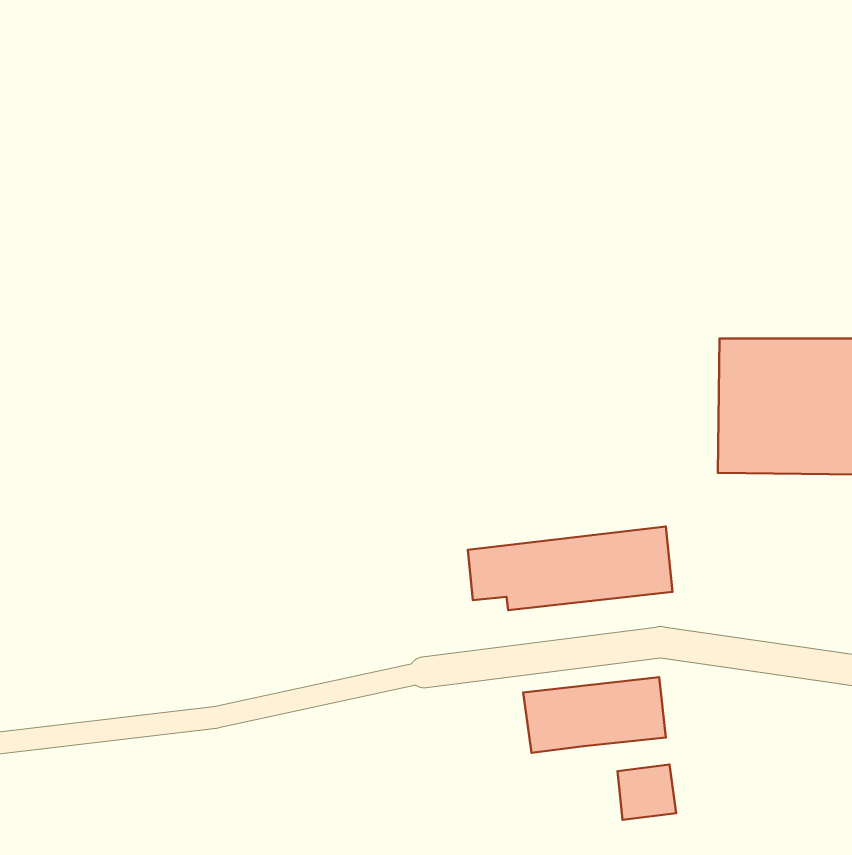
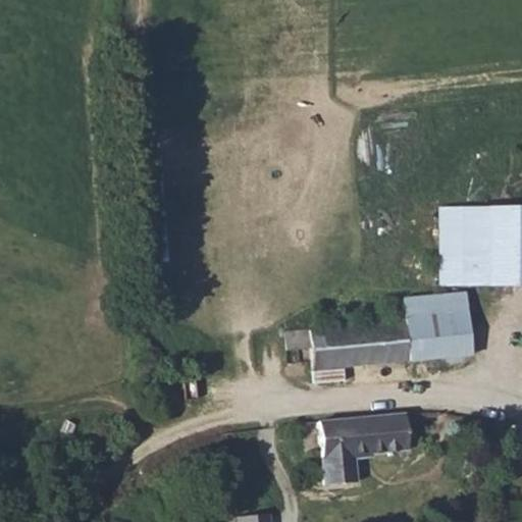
building: none -> [405,292,473,360]
building: [618,765,676,820] -> [326,454,362,487]

